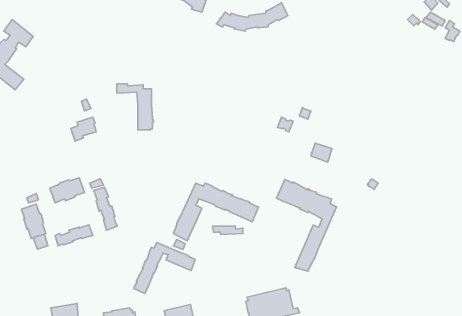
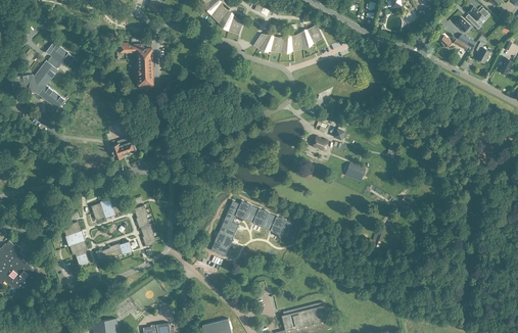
building: [117,84,154,130] -> [117,43,153,88]
building: [276,179,336,271] -> none
building: [134,243,195,294] -> none

